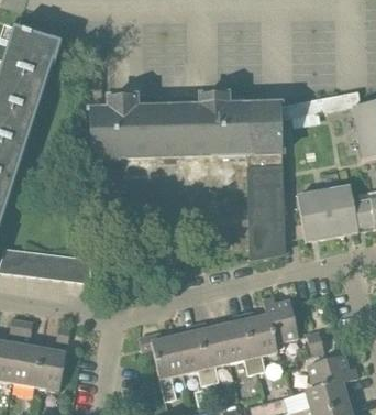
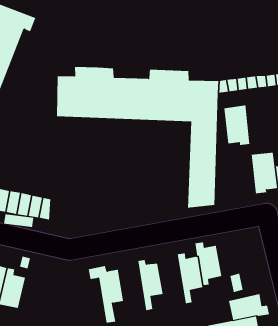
building: [298,189,332,240] -> [224,105,250,147]
building: [222,313,257,373] -> none
building: [176,324,211,384] -> none

